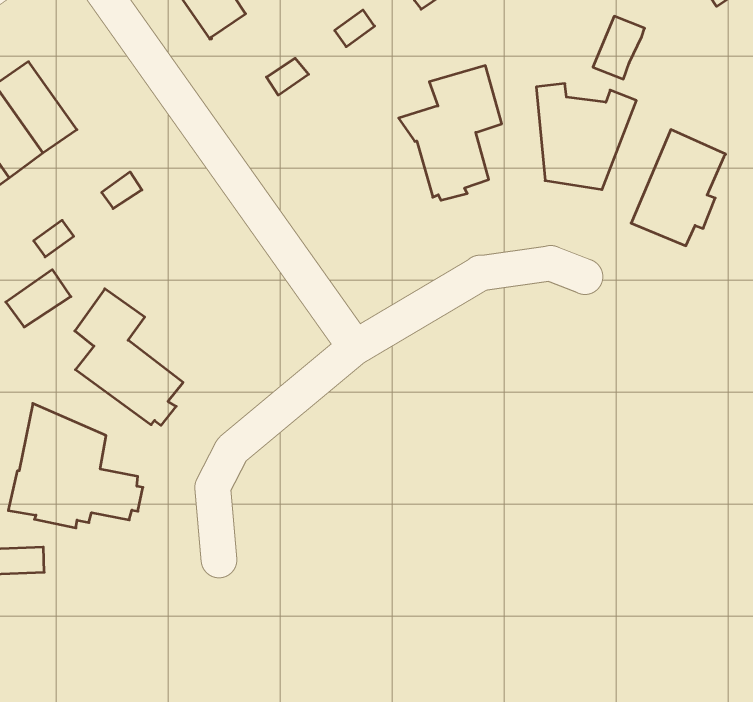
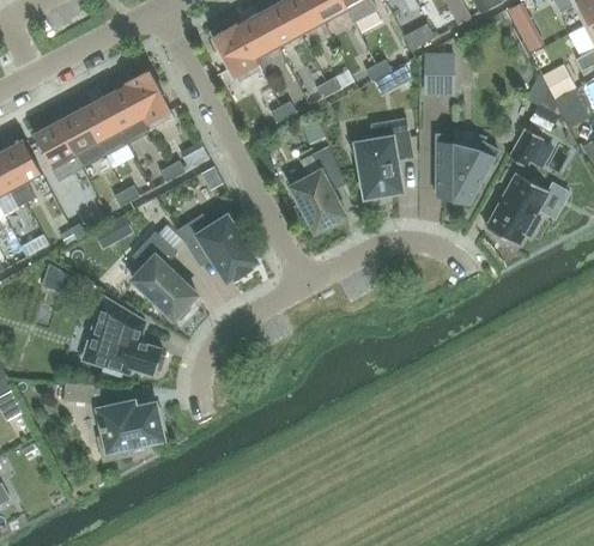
building: [593,16,645,79] -> [508,128,543,168]
building: none -> [123,71,174,131]
building: none -> [290,145,345,232]
building: none -> [176,214,256,281]
building: none -> [97,404,165,461]

